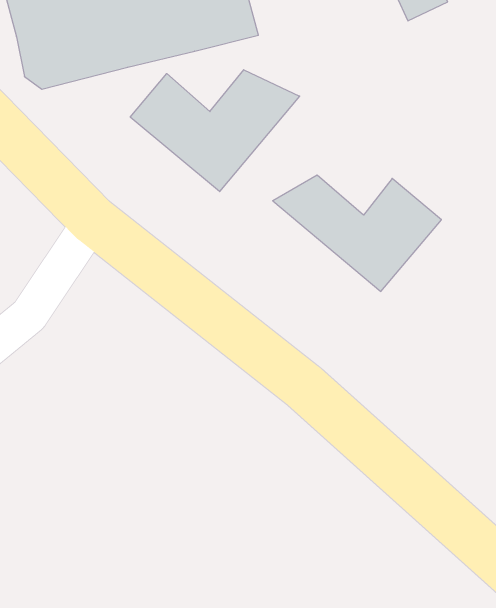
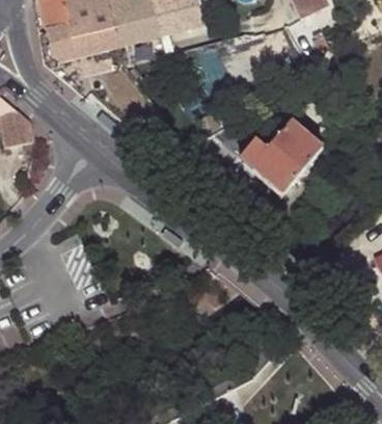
building: [130,70,300,192] -> none

